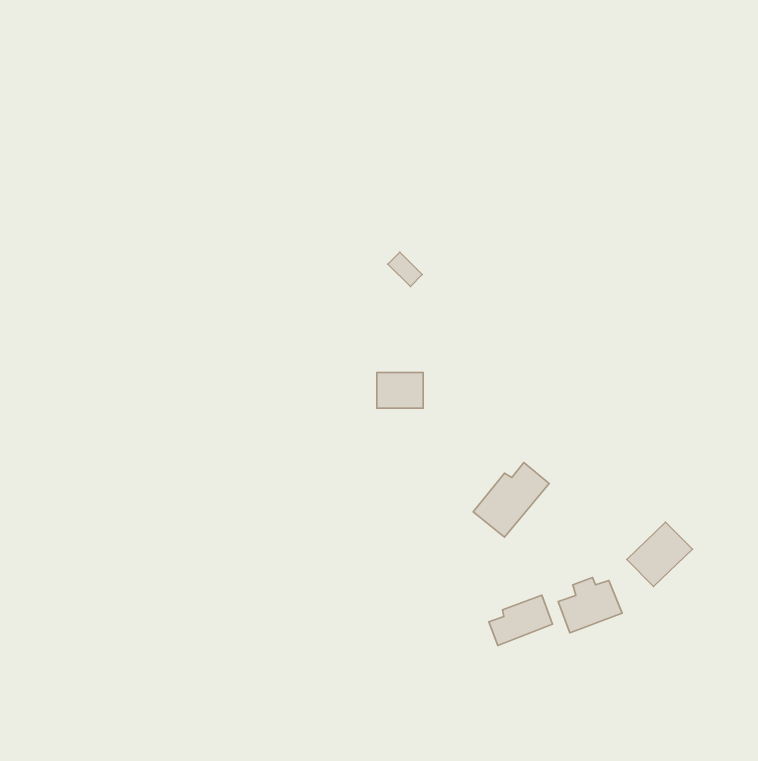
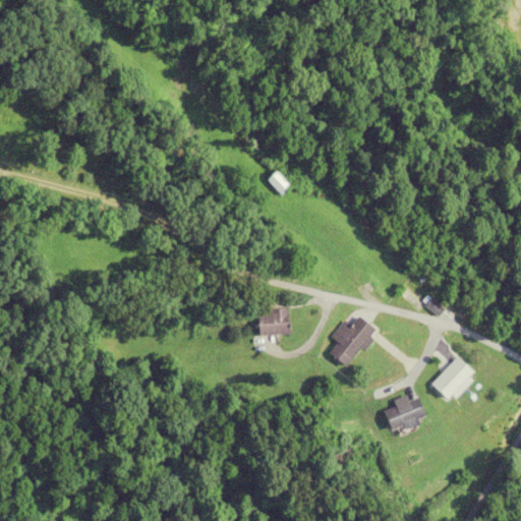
building: [377,372,423,408] -> [258,309,290,334]
building: [489,595,553,645] -> none

